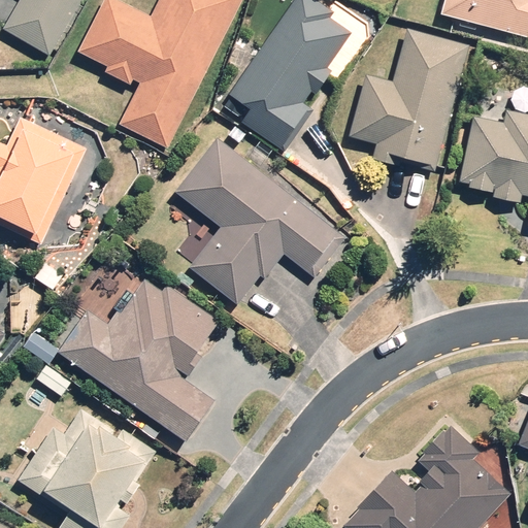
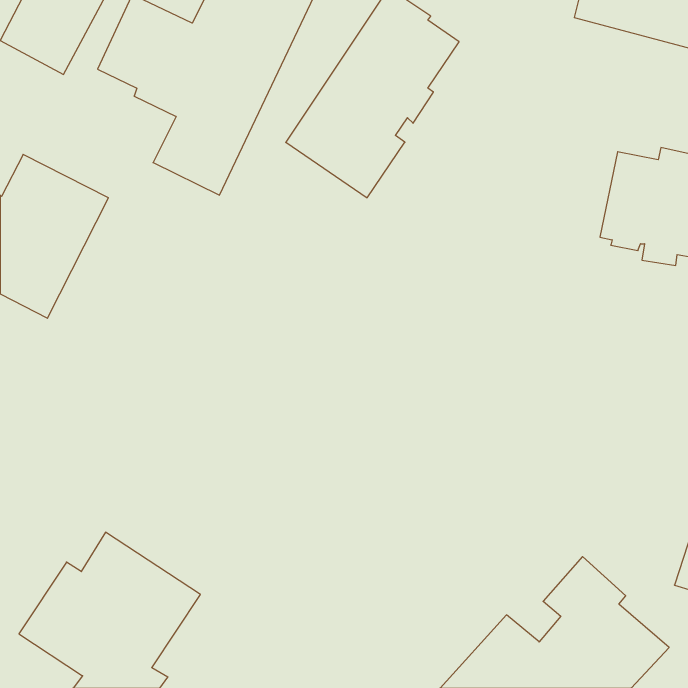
building: [351,30,467,170] -> none
building: [175,138,344,304] -> none
building: [59,280,220,439] -> none

